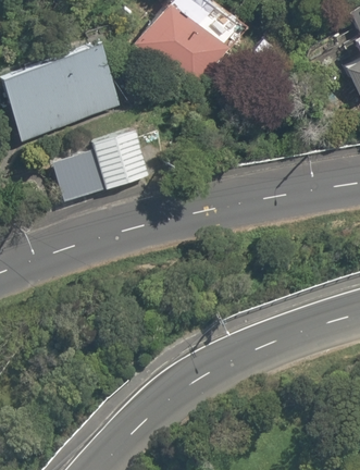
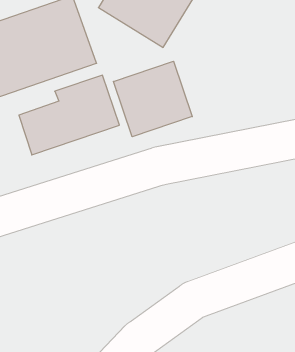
building: none -> [113,61,192,137]

